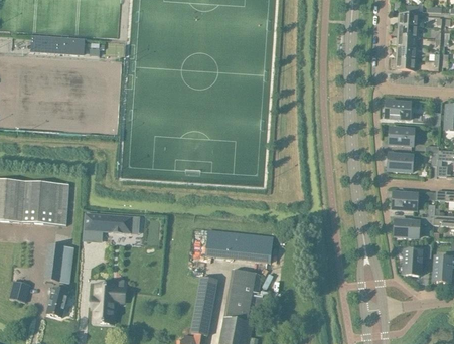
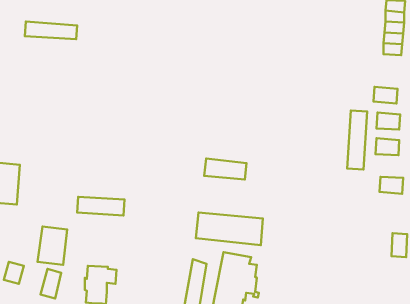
building: none -> [347,110,367,170]
building: none -> [204,158,247,180]
building: [22,181,68,224] -> none
building: [394,220,418,237] -> none

